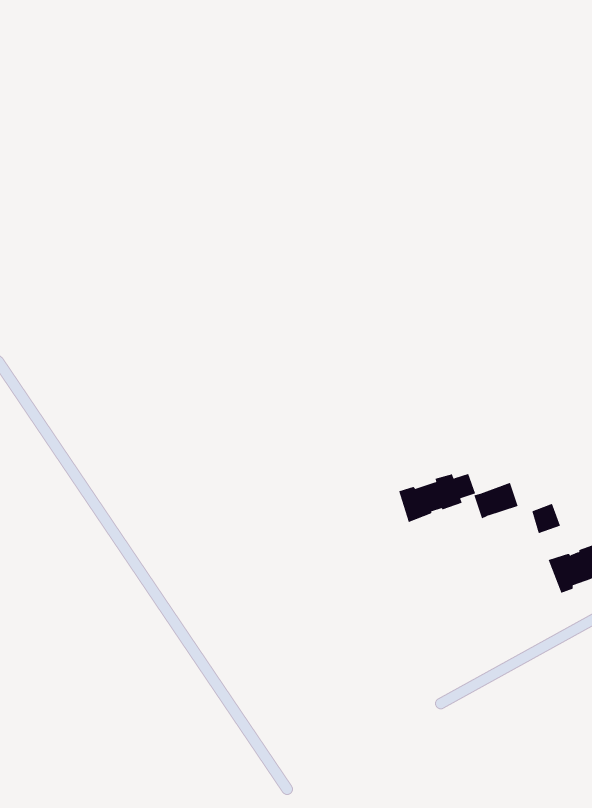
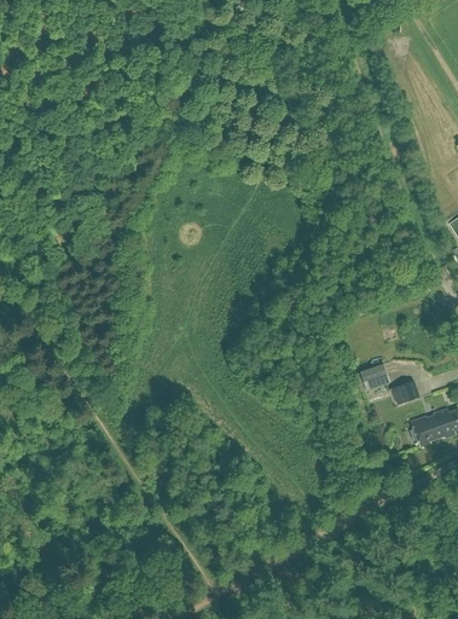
building: [399,473,476,523] -> none

